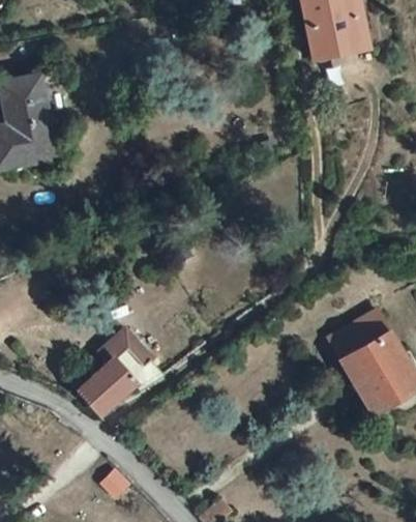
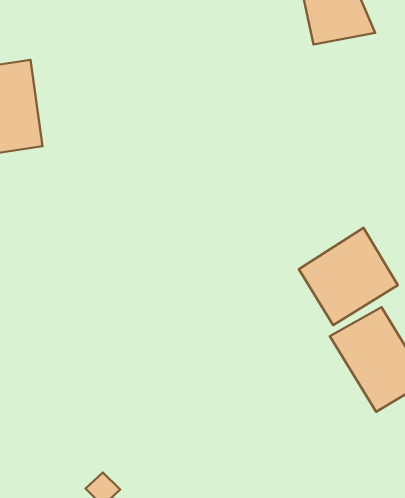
building: none -> [299,228,398,325]
building: [77,326,162,415] -> none

